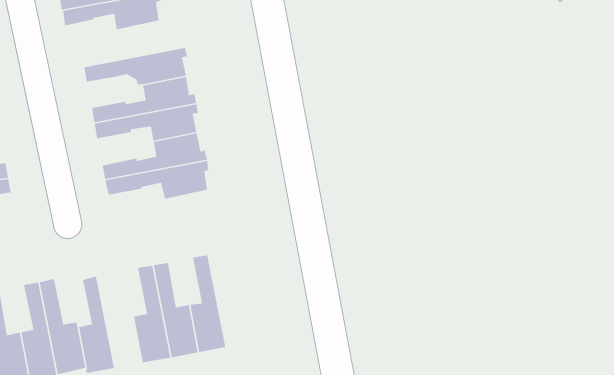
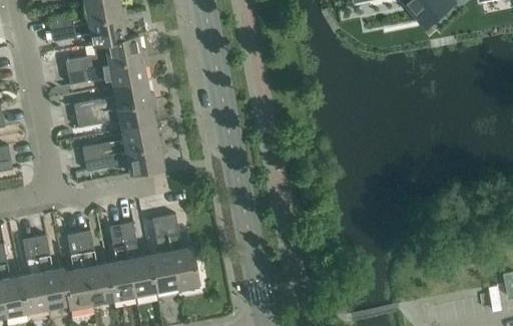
building: none -> [65,36,145,73]
building: none -> [162,215,198,288]
building: none -> [77,231,112,304]

